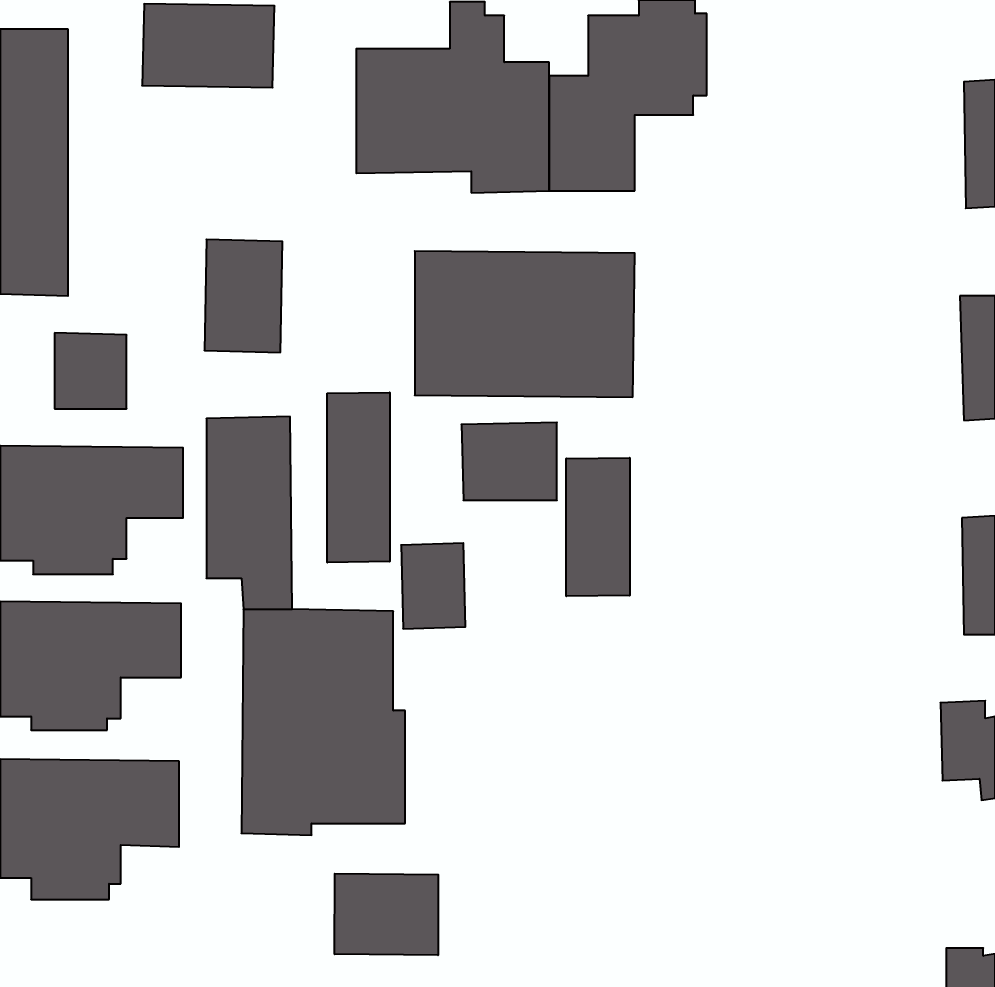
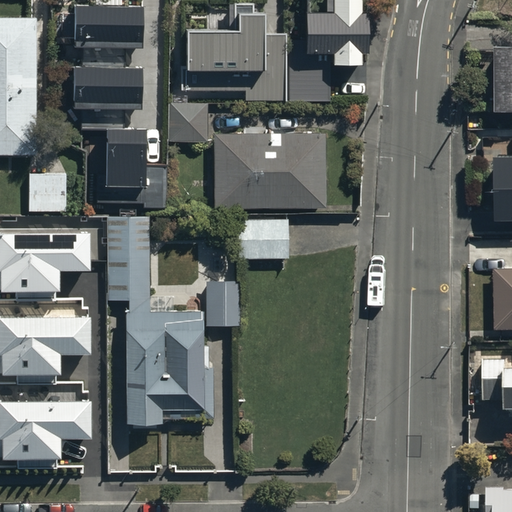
building: none -> [72,66,141,109]
building: none -> [169,104,206,143]
building: [327,392,390,563] -> none
building: [566,458,630,596] -> none
building: [335,874,438,955] -> none

